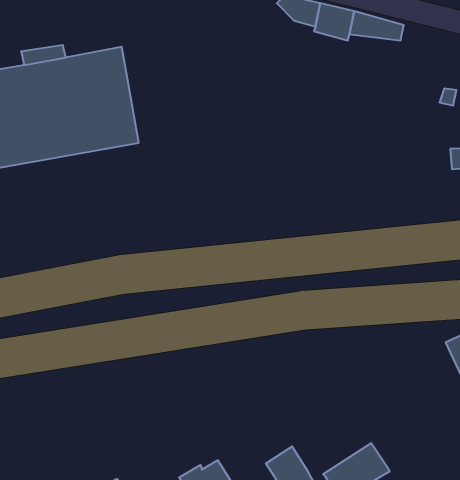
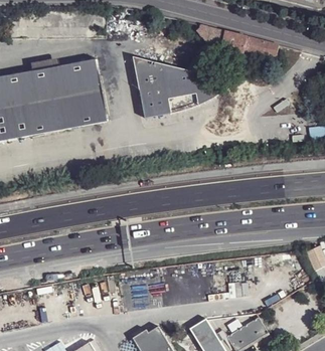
building: none -> [132,56,232,118]

